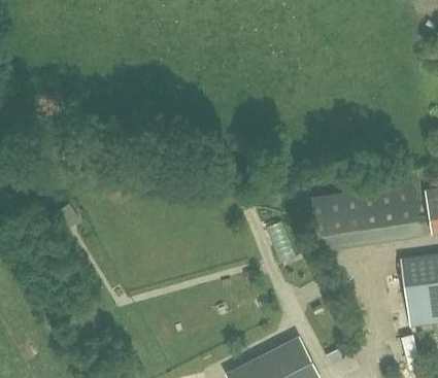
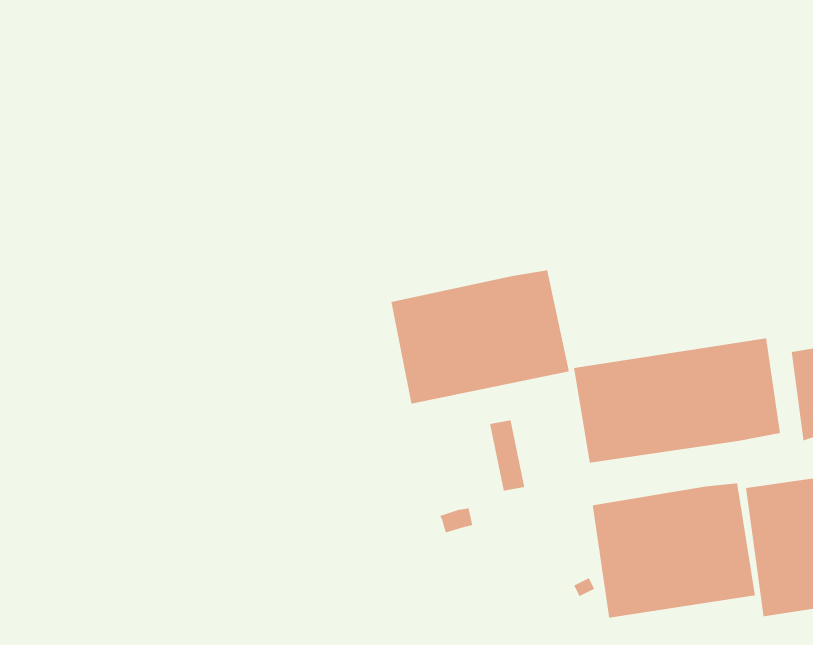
building: none -> [391,270,570,404]
building: none -> [592,483,756,619]

